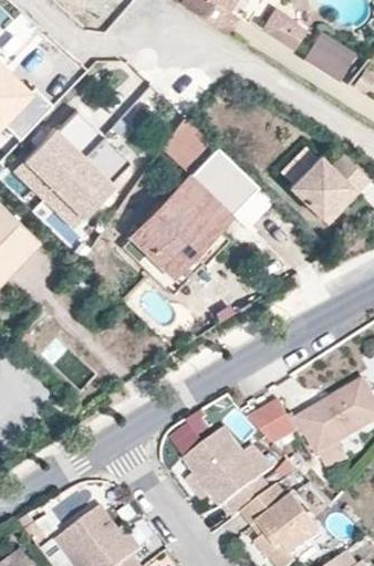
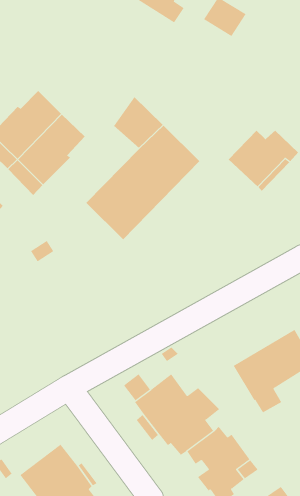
building: [303,29,356,80] -> none
building: [249,401,298,446] -> none

